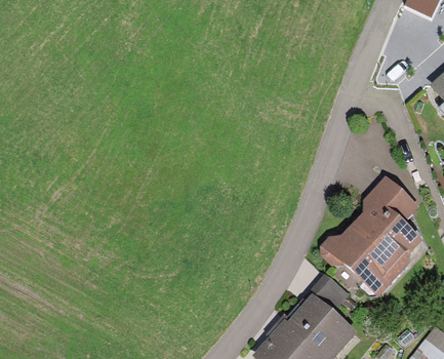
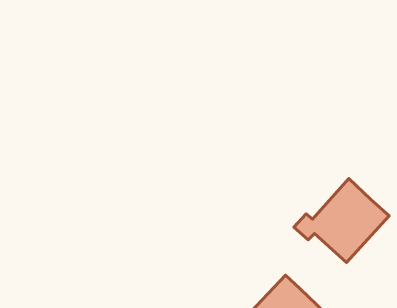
building: [372,180,413,225] -> none
building: [305,271,347,313] -> none

